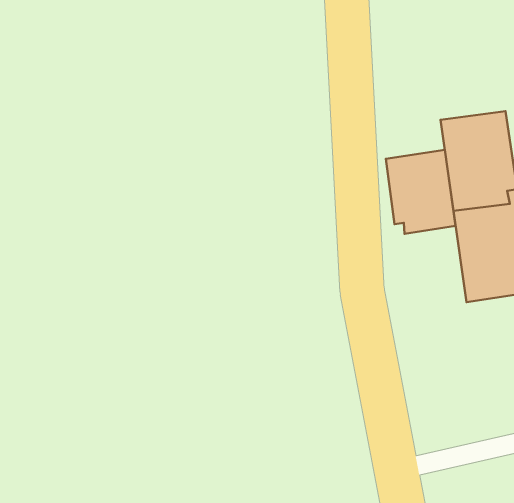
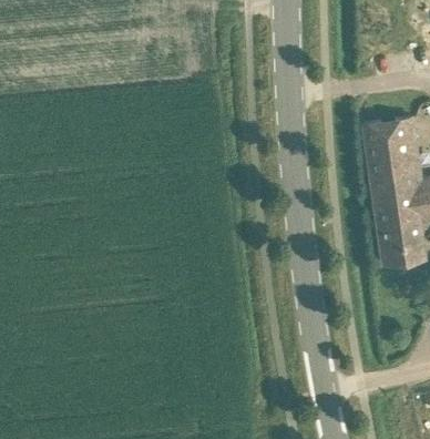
building: [386,150,456,234] -> none

